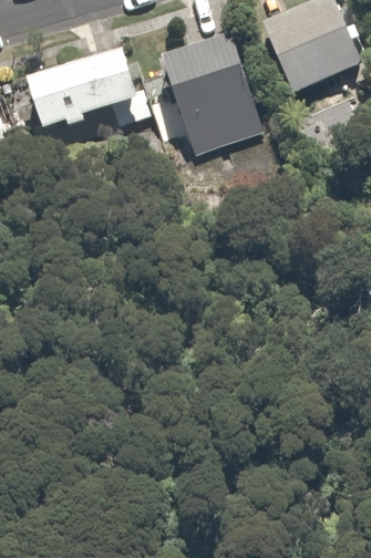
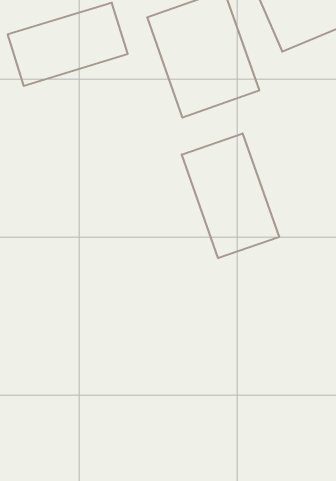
building: none -> [182,133,279,258]

